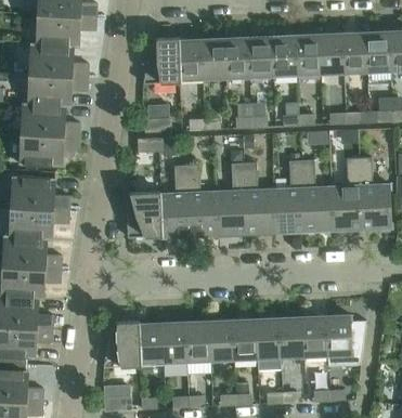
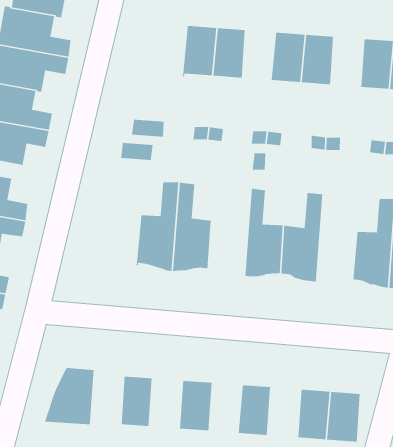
building: [295,34,321,74] -> none
building: [143,37,179,83] -> none
building: [224,37,249,77] -> none
building: [301,159,333,231] -> none
building: [216,162,247,233] -> none
building: [128,191,160,237] -> none
building: [278,316,304,356] -> none
building: [232,318,257,358] -> none
building: [138,321,164,365] -> none
building: [184,321,210,361] -> none

